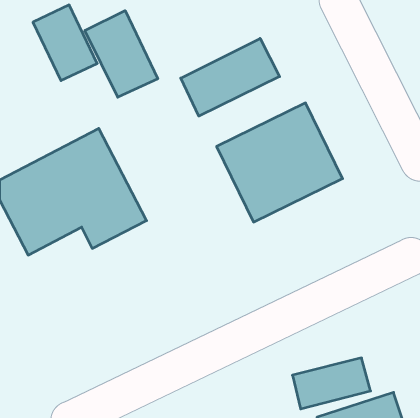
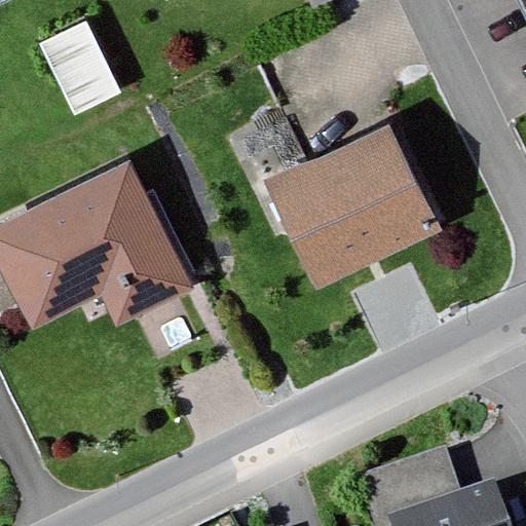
building: [85,11,158,97] -> none
building: [181,38,280,116] -> none

